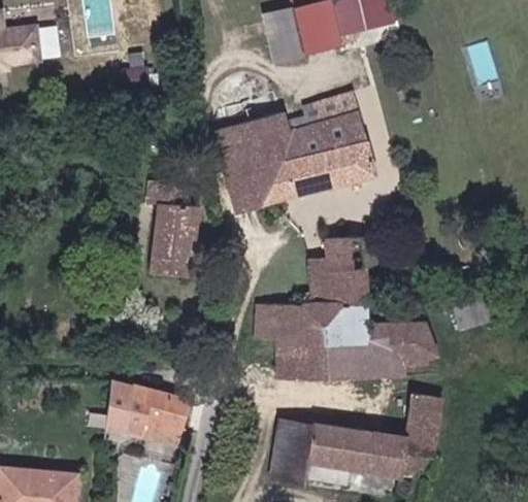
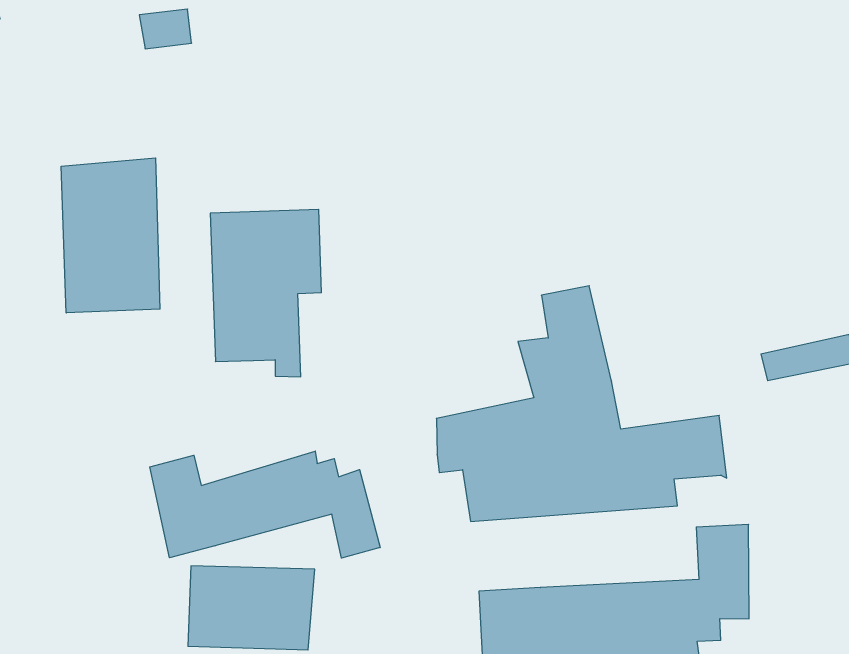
building: [210,95,380,215] -> none
building: none -> [61,158,160,313]
building: none -> [150,451,380,558]

